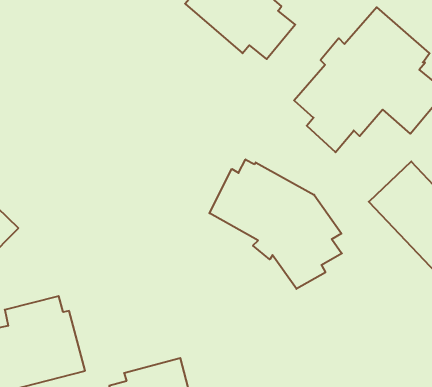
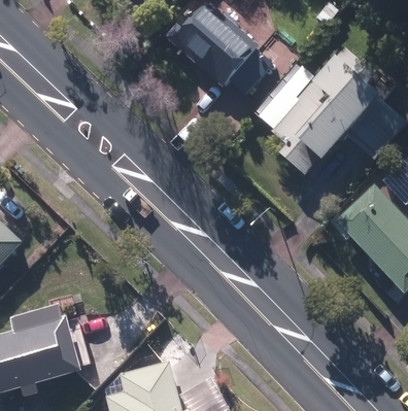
building: [209,159,342,289] -> none

